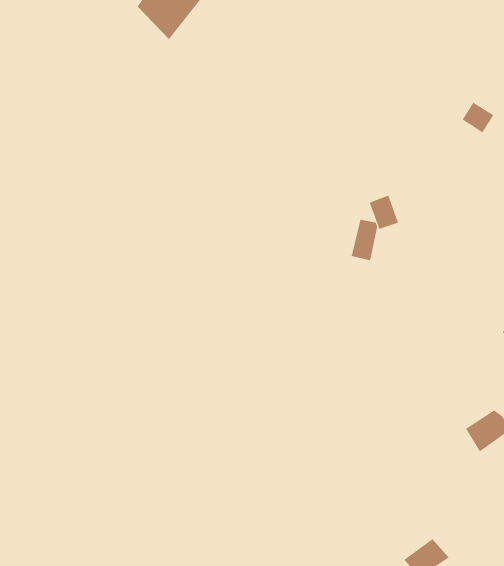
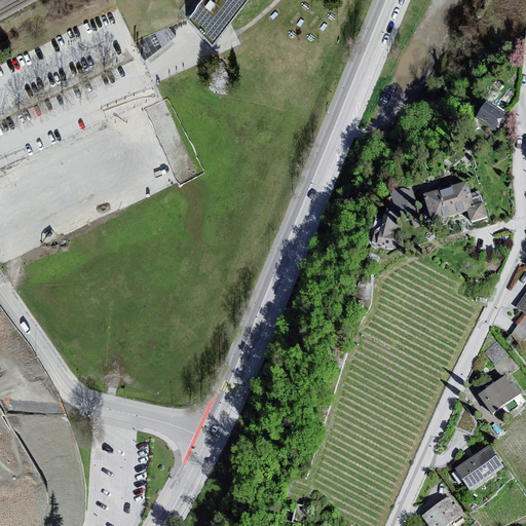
building: none -> [428,181,488,221]
building: none -> [453,445,502,491]

